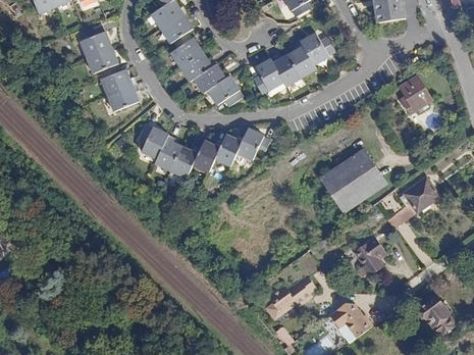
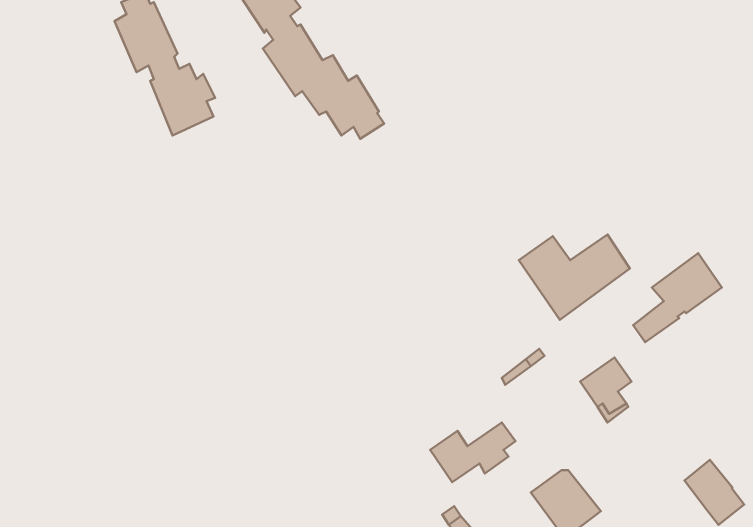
building: [251,32,331,92] -> none
building: [400,77,432,113] -> none
building: [140,118,267,170] -> none
building: [341,150,374,180] -> none

